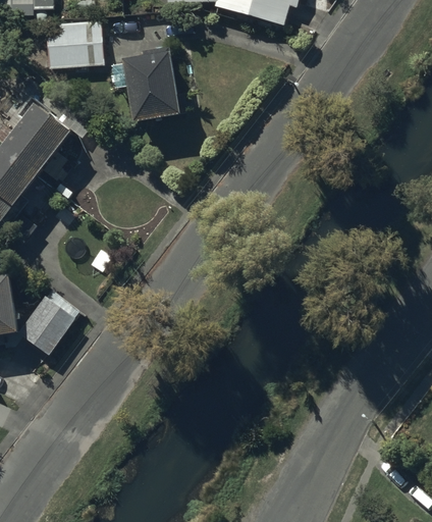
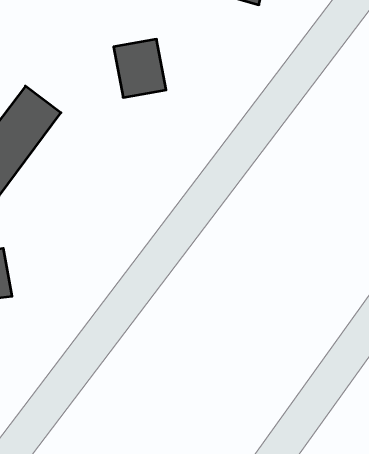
building: [47,22,101,66] -> none
building: [21,294,79,355] -> none

